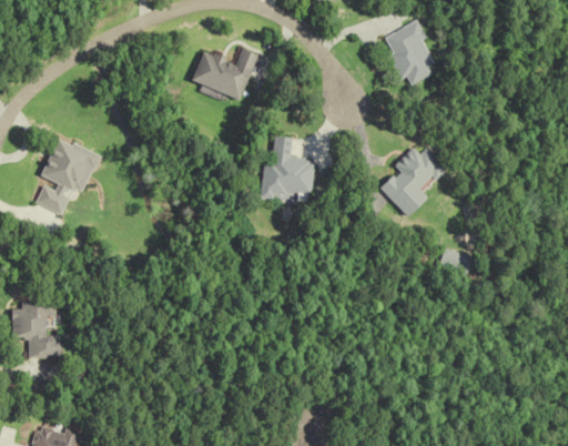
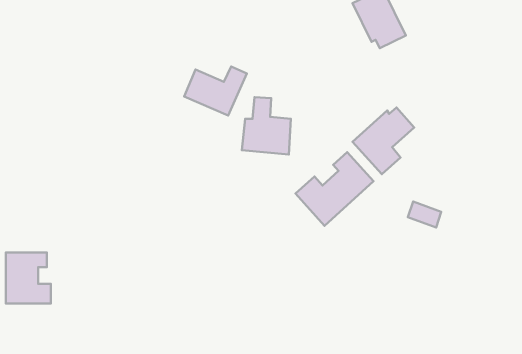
building: [195,49,262,101] -> [184,66,247,115]
building: [36,139,100,215] -> none
building: none -> [295,152,374,226]

